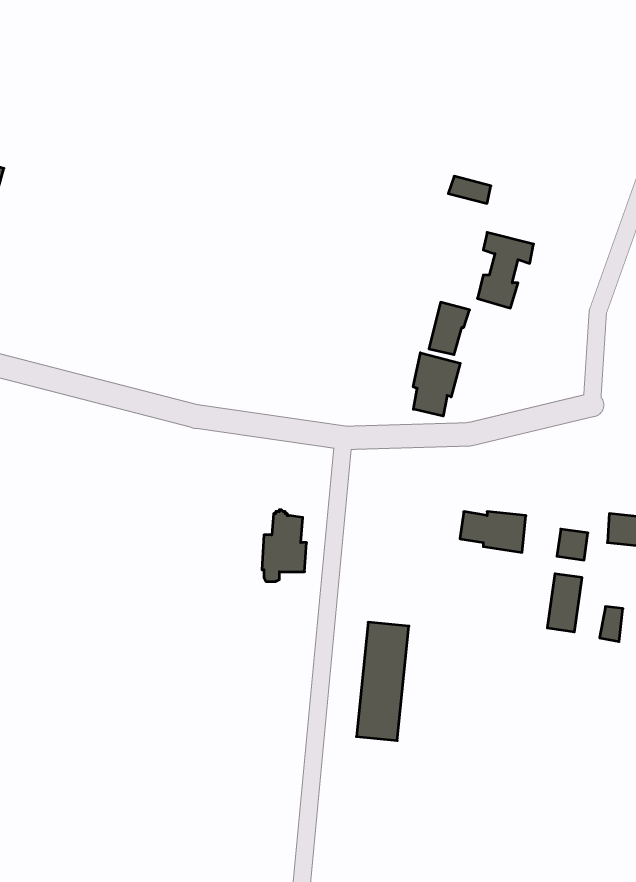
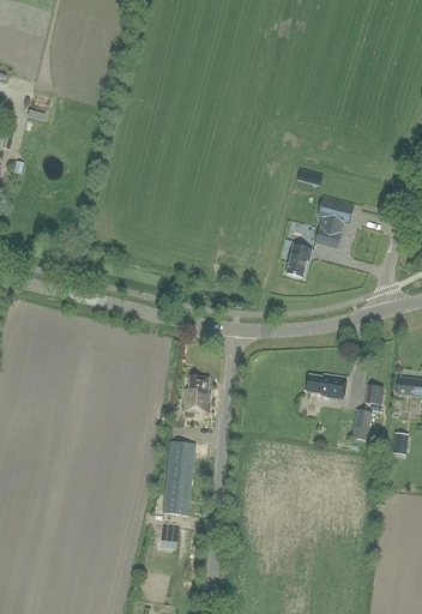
building: [413,353,460,416] -> none
building: [356,622,409,741] -> [162,440,194,513]

